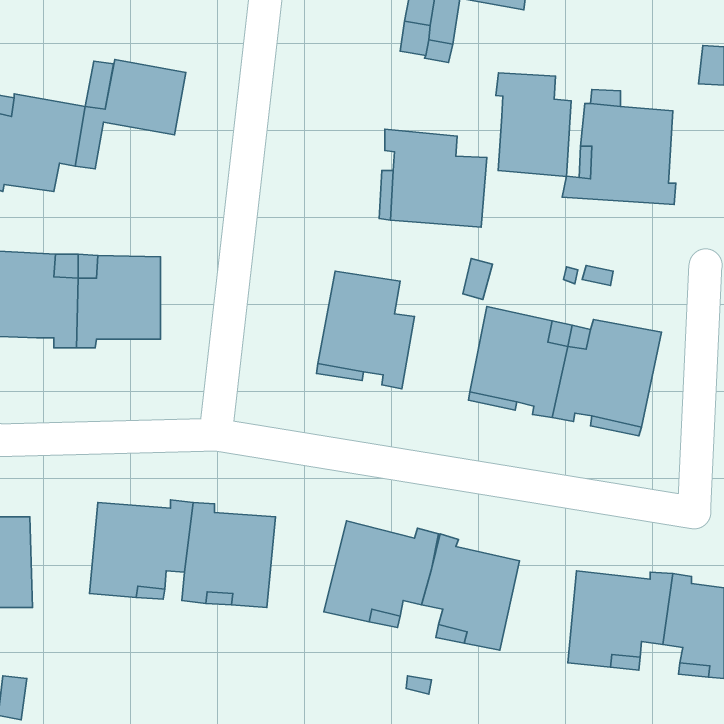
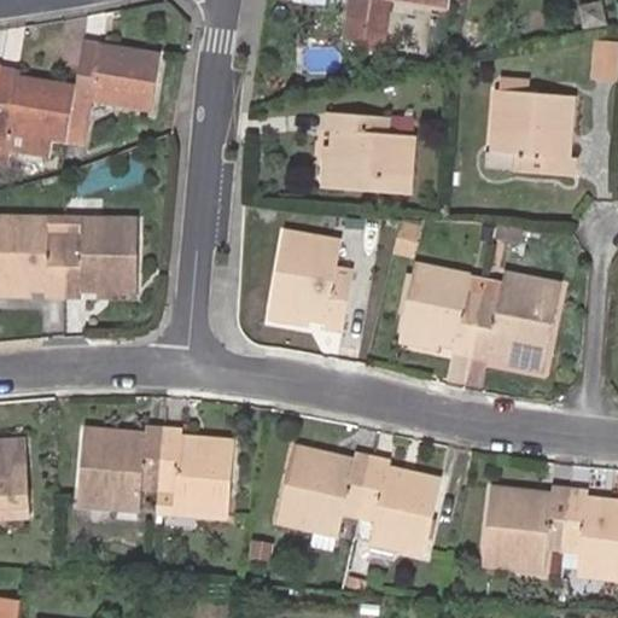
building: [496,73,571,176] -> none

